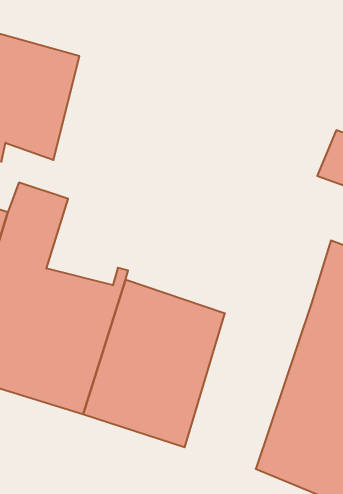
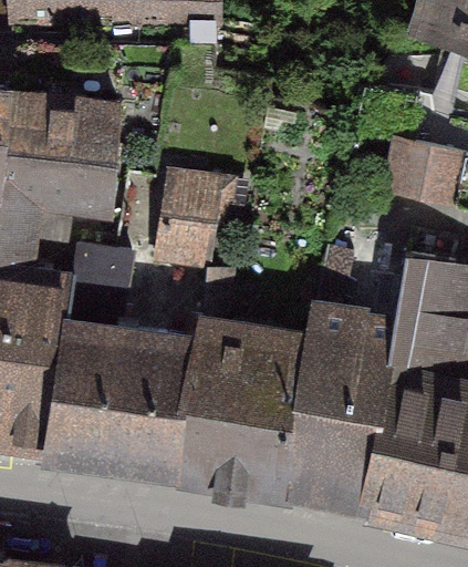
building: none -> [158,175,230,262]
building: none -> [291,308,398,499]

